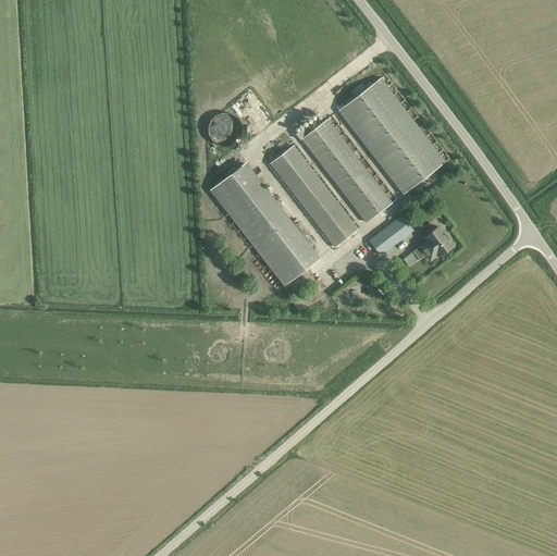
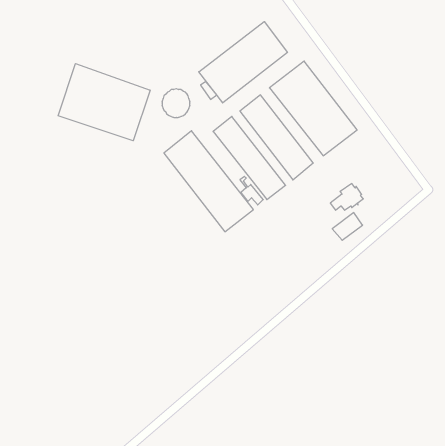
building: none -> [199,22,287,103]
building: none -> [58,64,150,141]
building: [369,220,406,254] -> [332,213,363,240]

